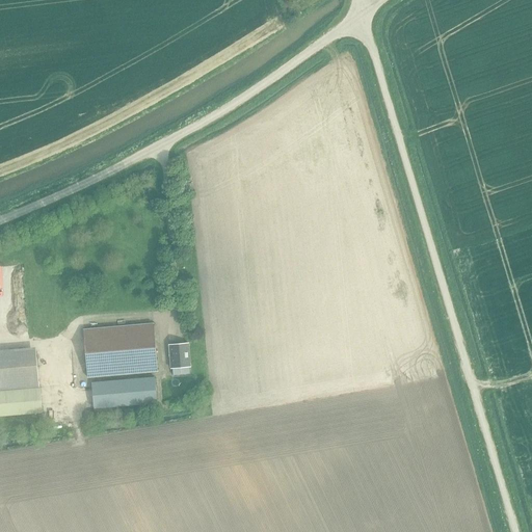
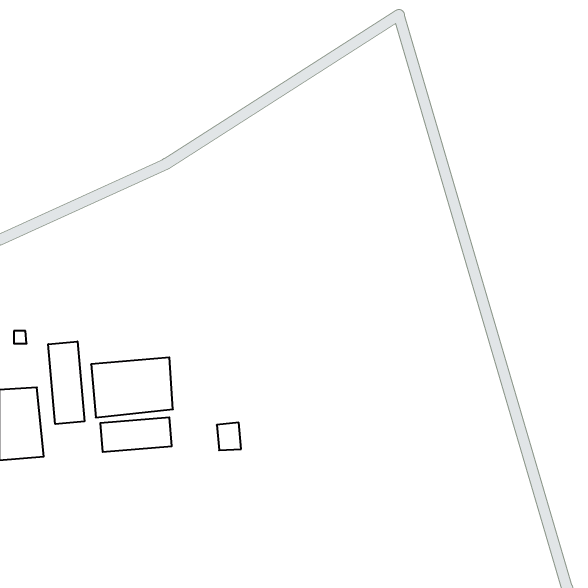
building: none -> [48,341,84,424]
building: [167,342,189,367] -> [217,423,241,450]

